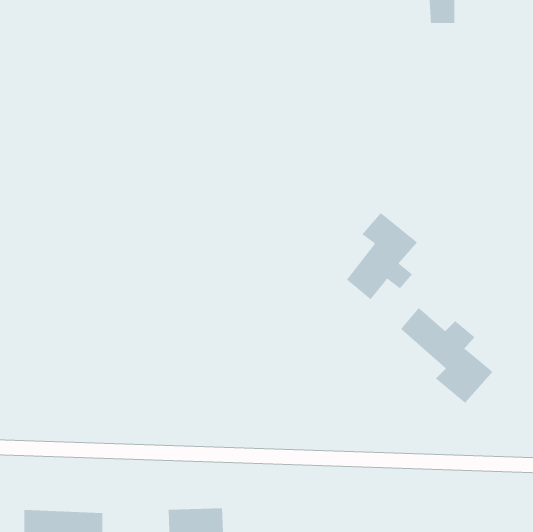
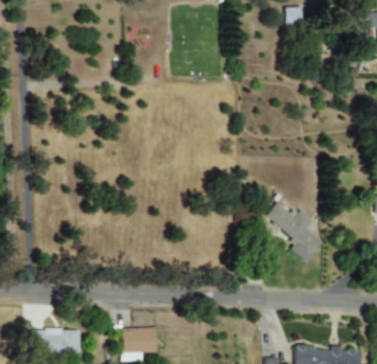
building: [346,212,418,300] -> none

